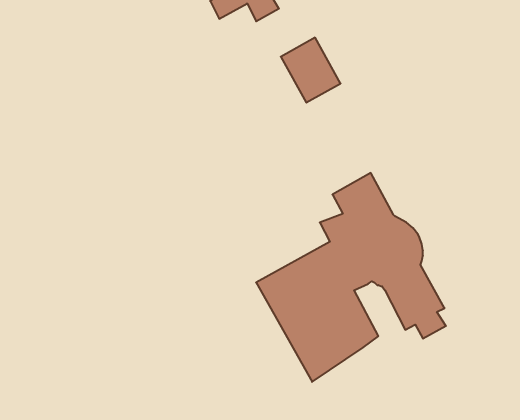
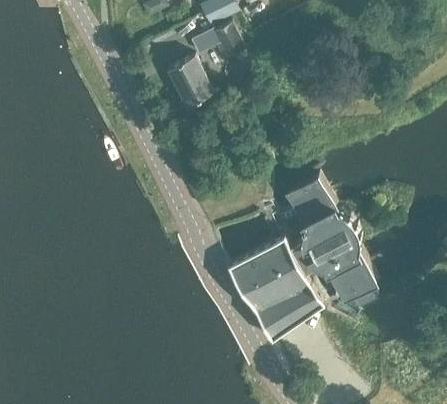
building: [281,38,341,103] -> [167,55,214,106]

